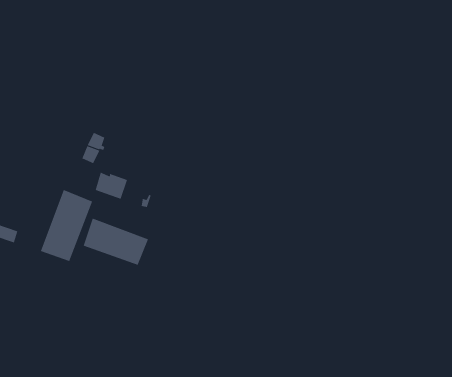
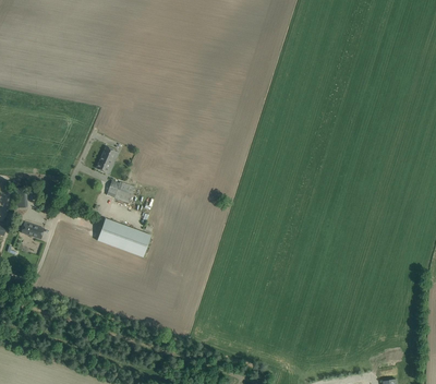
building: [40,189,93,262] -> none

